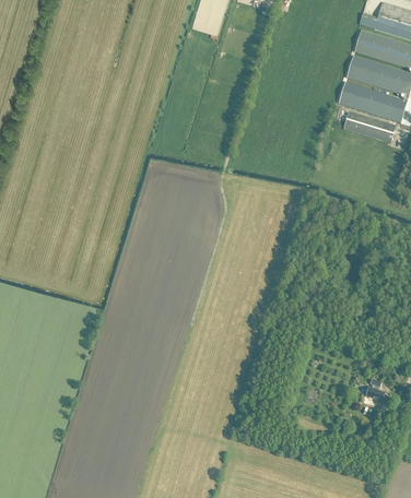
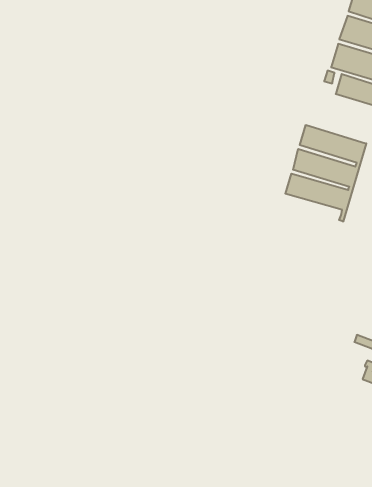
building: none -> [285,125,366,222]

